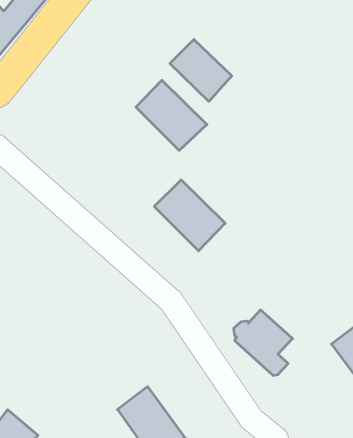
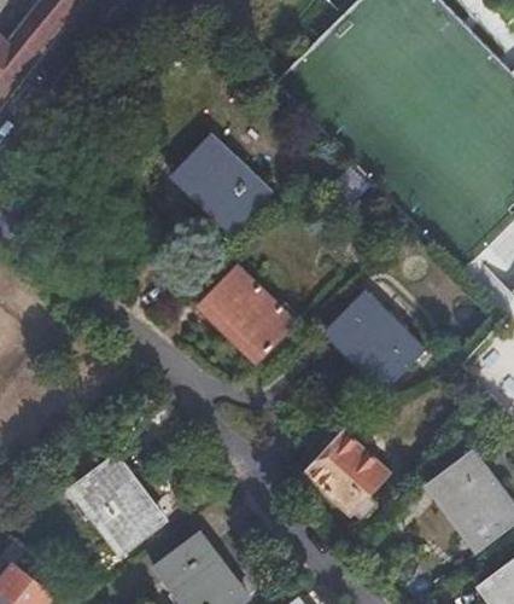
building: [170,39,232,101] -> none
building: none -> [332,289,425,382]
building: none -> [70,460,156,554]

